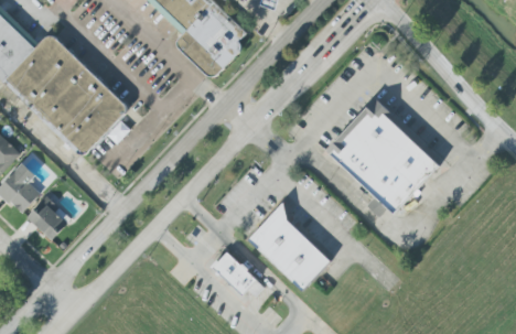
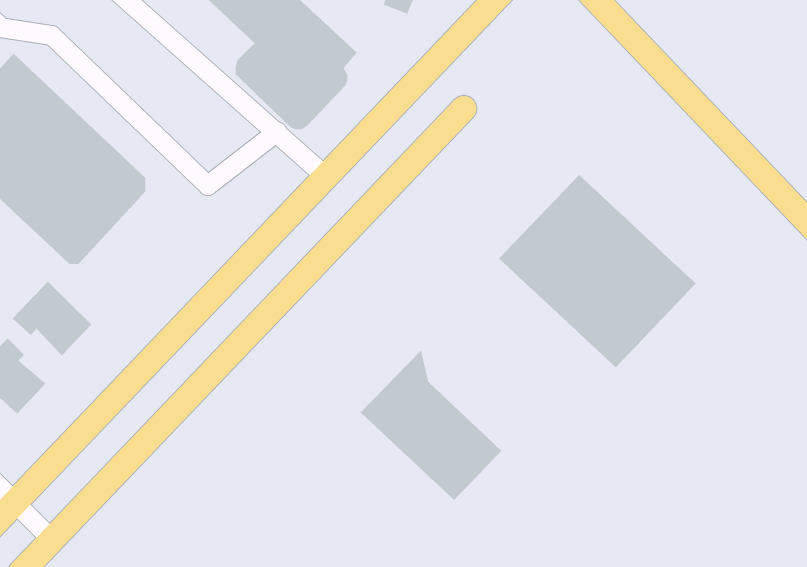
building: none -> [12,281,92,356]
building: [212,251,256,294] -> none

